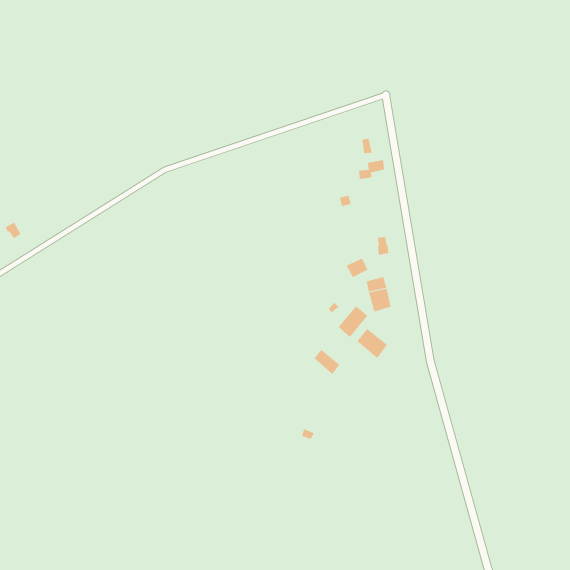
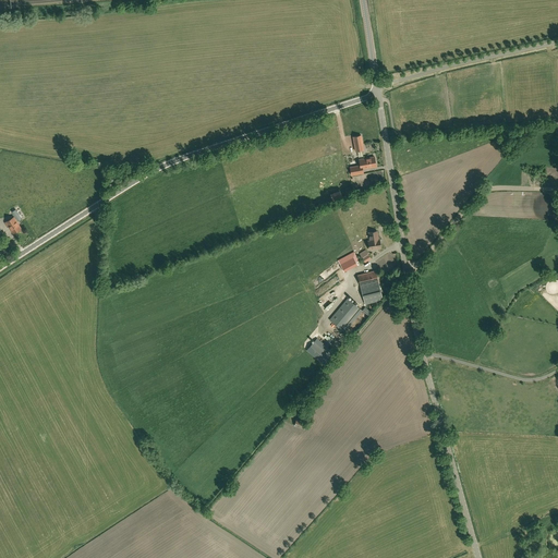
building: [356,328,388,359] -> none

